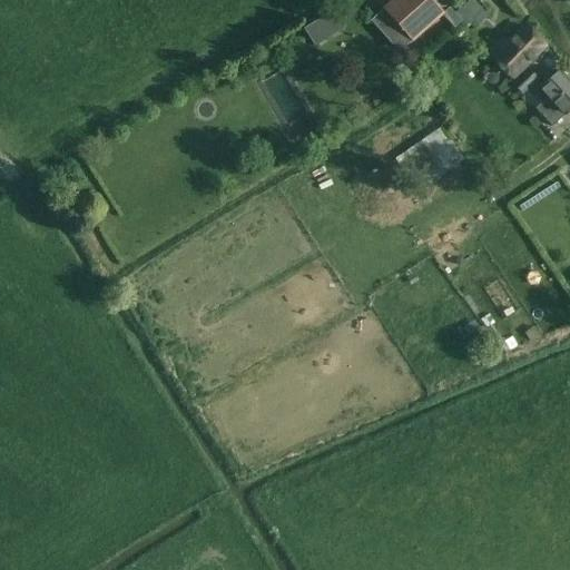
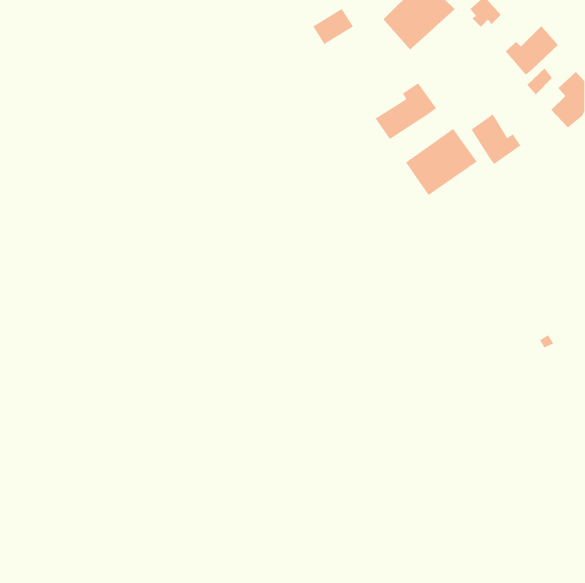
building: none -> [375,82,437,140]
building: none -> [471,114,521,165]

